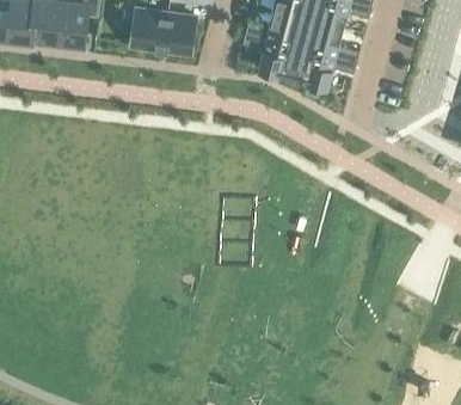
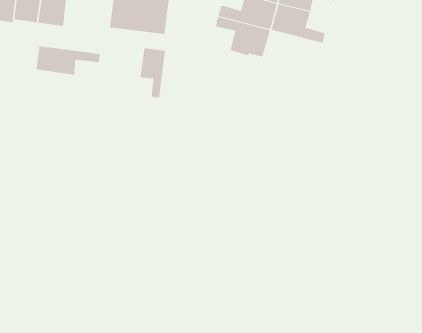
building: [294,47,357,87] -> none
building: none -> [36,45,101,75]
building: none -> [140,48,166,99]

